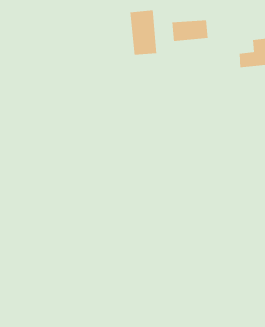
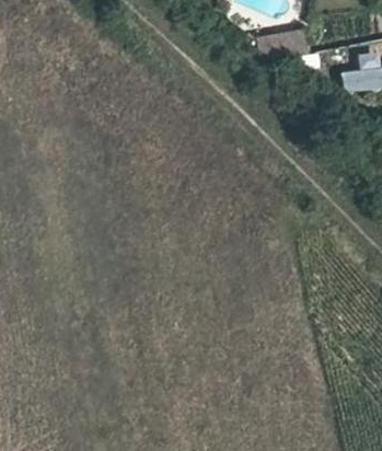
building: [130,10,157,56] -> none

